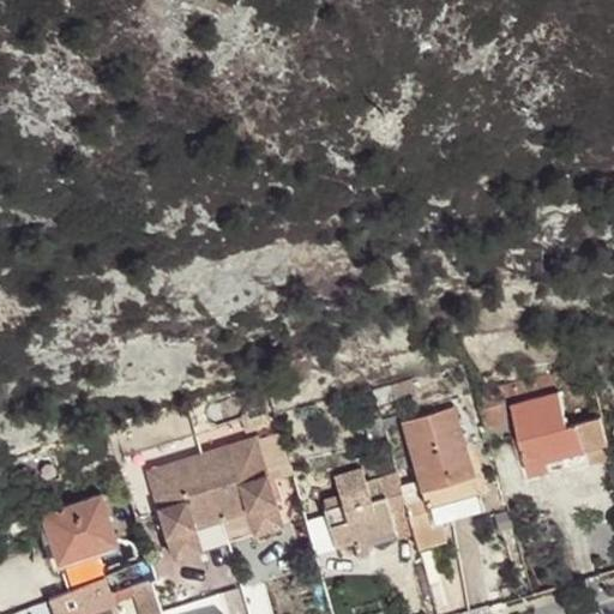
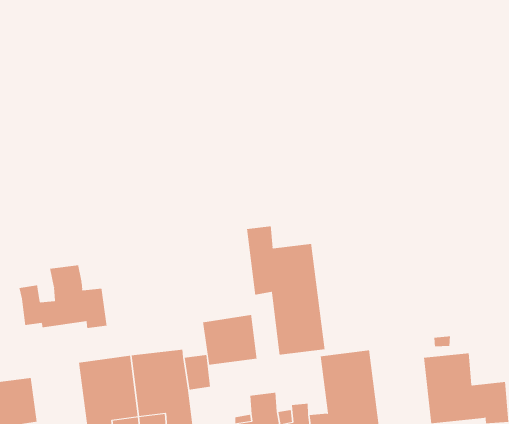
building: none -> [247,225,325,356]
building: none -> [19,264,107,329]
building: none -> [203,314,257,366]

